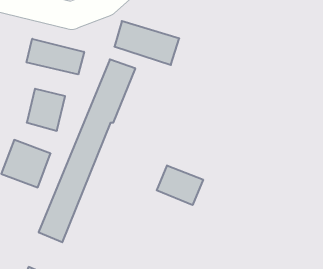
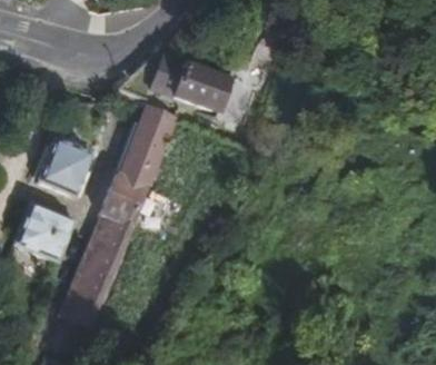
building: [27,39,84,74] -> none
building: [157,165,203,205] -> none

